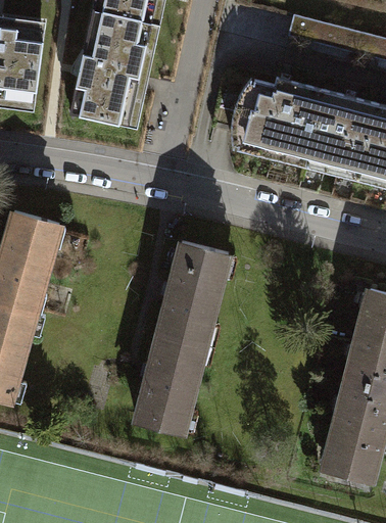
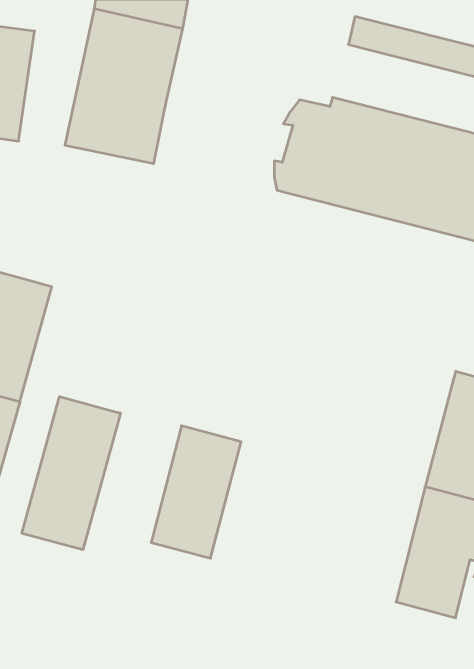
building: [159,242,228,343] -> none
building: none -> [22,397,120,550]

